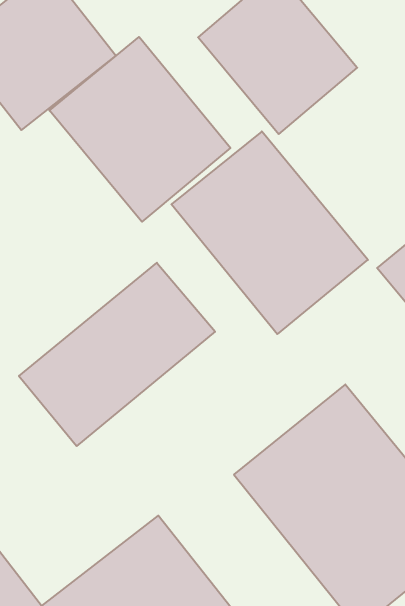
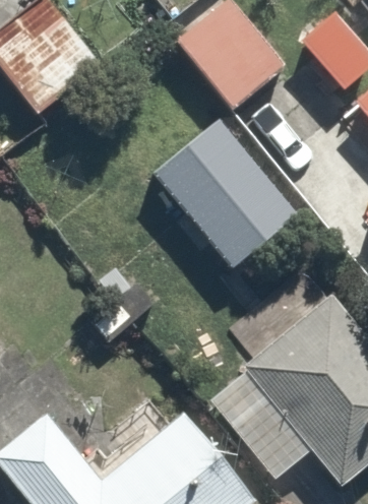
building: [49,37,230,222] -> none
building: [19,263,215,446] -> none

